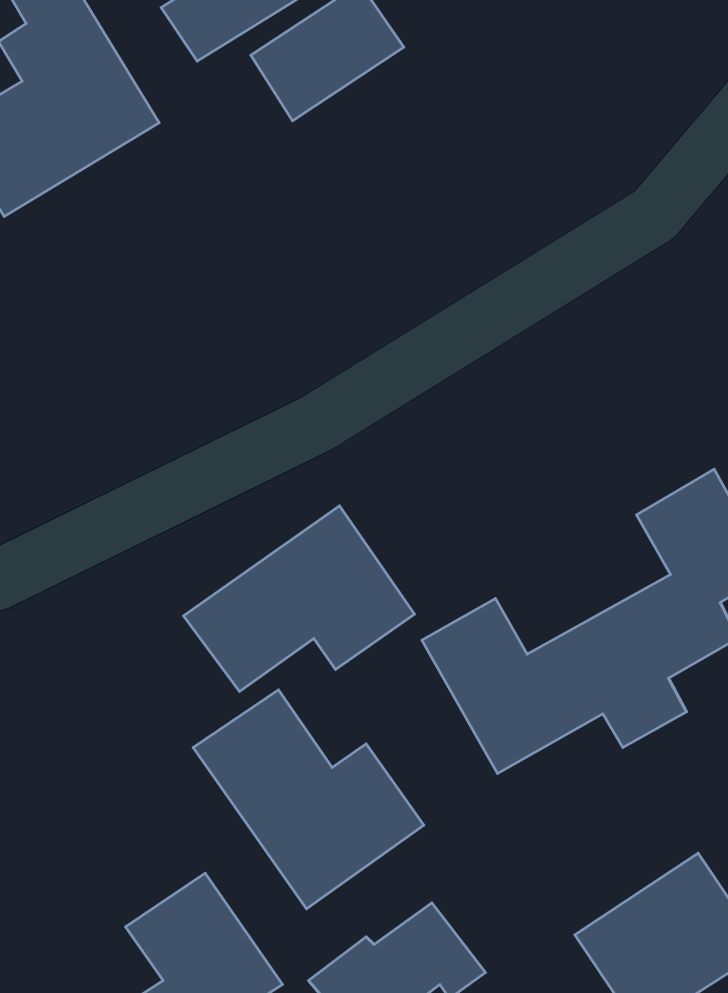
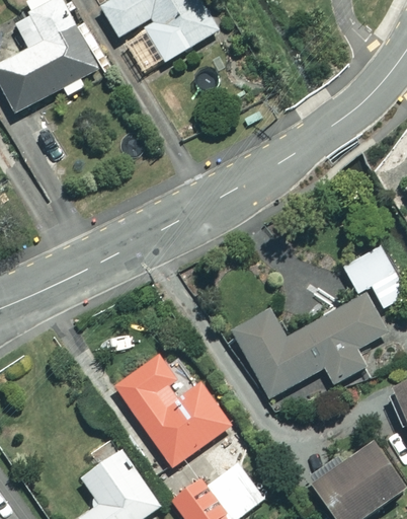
building: [184,506,415,692] -> none

